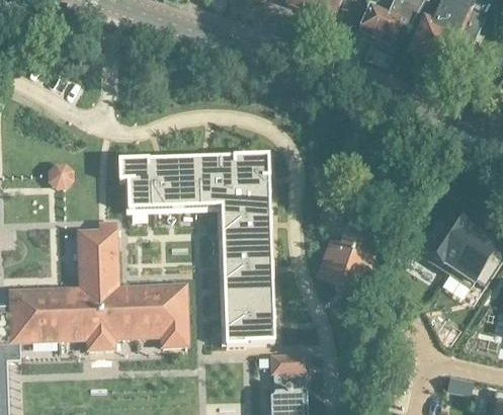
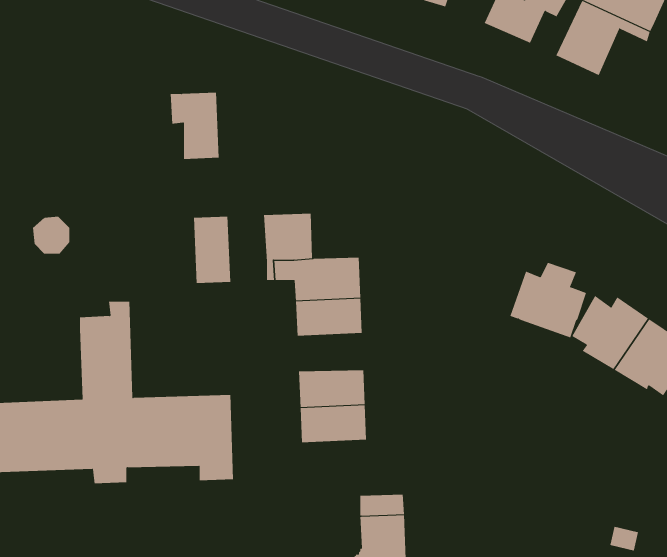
building: [238,158,271,191] -> none
building: [180,161,206,208] -> none
building: [123,163,158,210] -> [170,92,220,159]
building: [319,237,372,289] -> [509,262,587,338]
building: [228,243,274,269] -> none
building: [231,317,277,343] -> none

